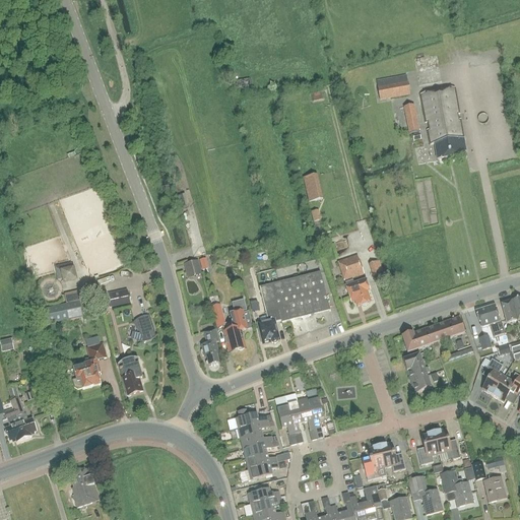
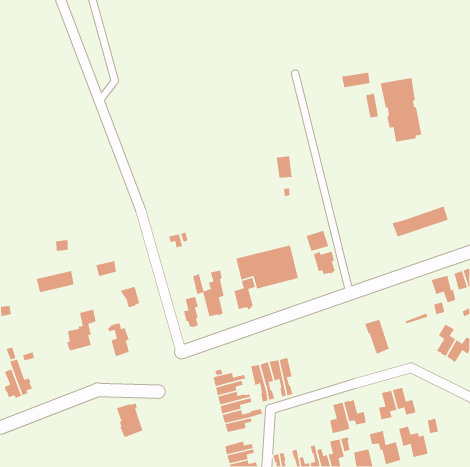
building: [401,315,464,350] -> [392,205,449,238]
building: [68,466,99,506] -> [116,402,143,438]
building: [482,475,507,502] -> none

